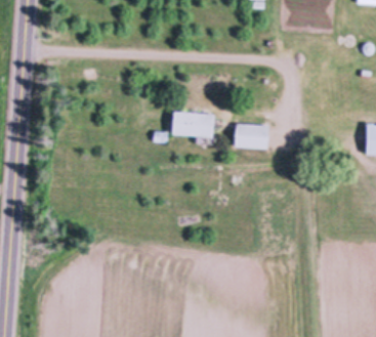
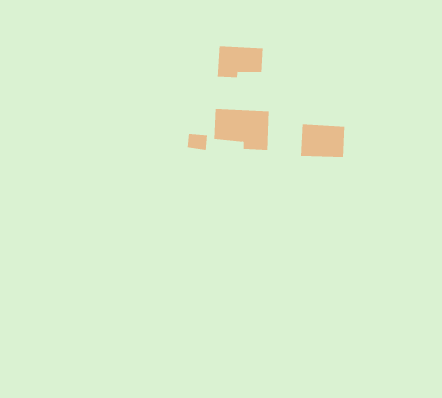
building: none -> [217,46,263,78]

